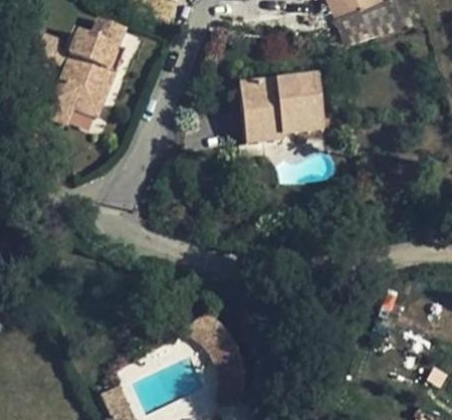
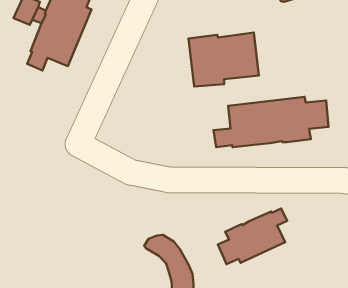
building: none -> [214,97,329,147]
building: none -> [218,209,287,264]

